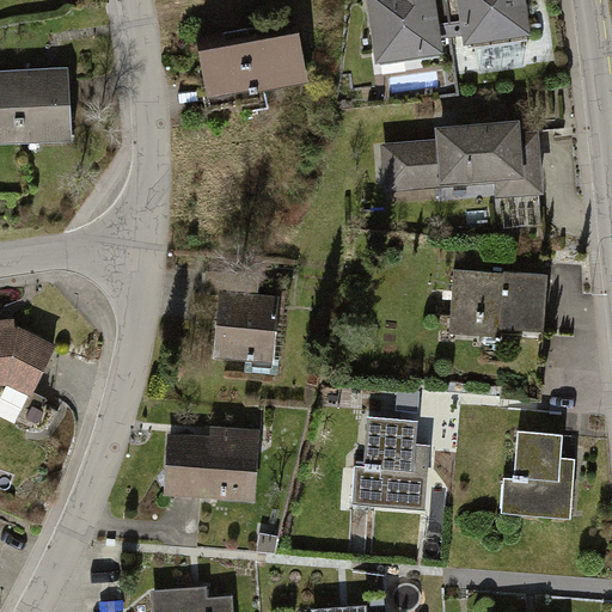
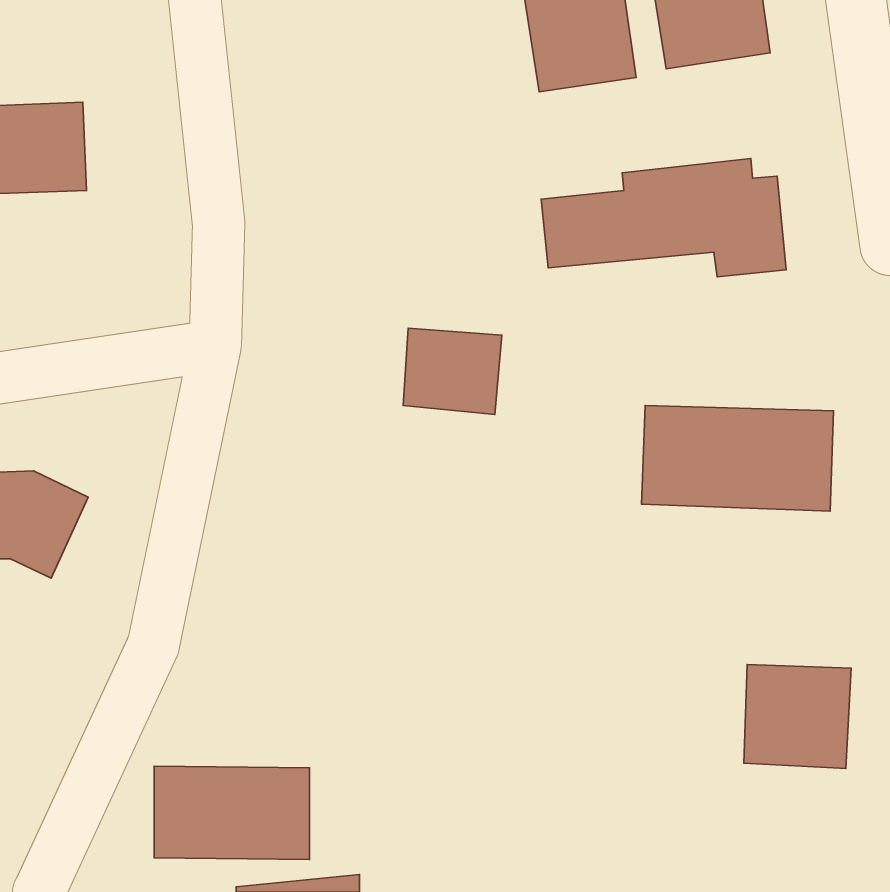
building: [196,24,298,88] -> none
building: [221,307,288,366] -> [403,328,502,414]
building: [361,434,434,509] -> none
building: [172,441,277,504] -> [154,766,309,859]

